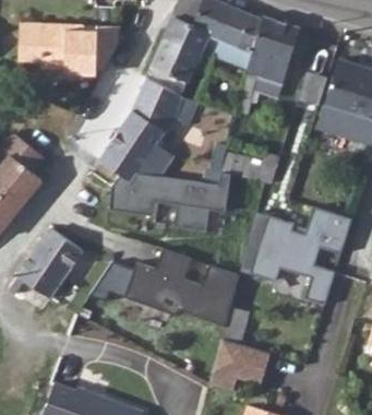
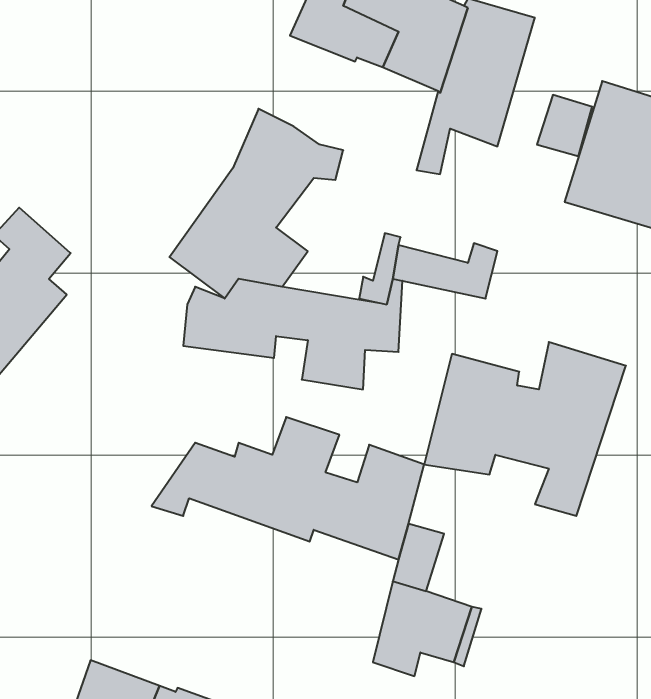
building: [19,22,121,75] -> none
building: [147,37,216,102] -> none
building: [10,227,83,310] -> none

